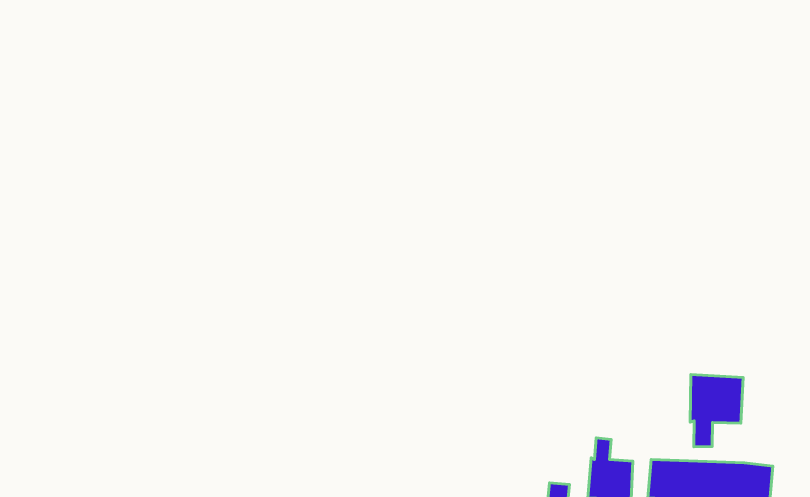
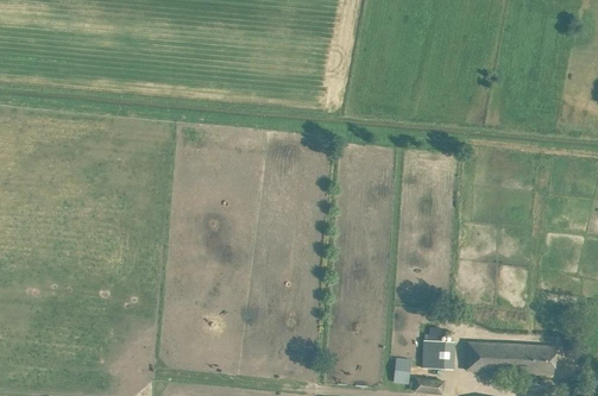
building: [690,374,743,447] -> none

